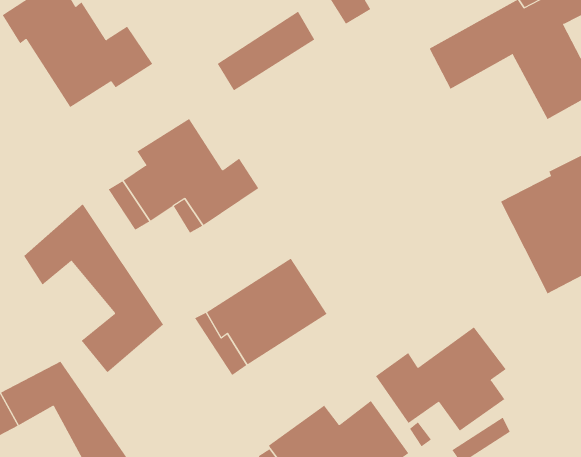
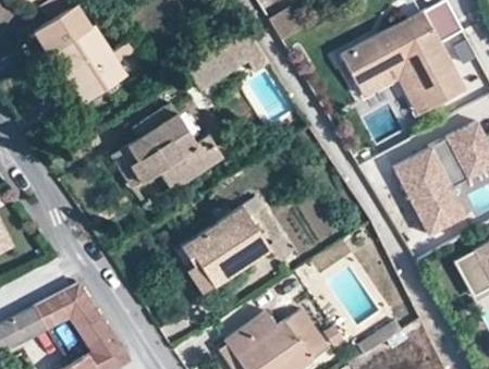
building: none -> [357,61,427,113]
building: [23,203,164,373] -> none
building: [375,327,507,432] -> none

